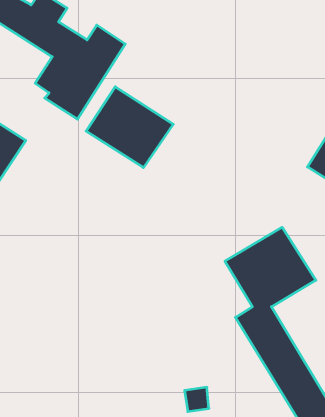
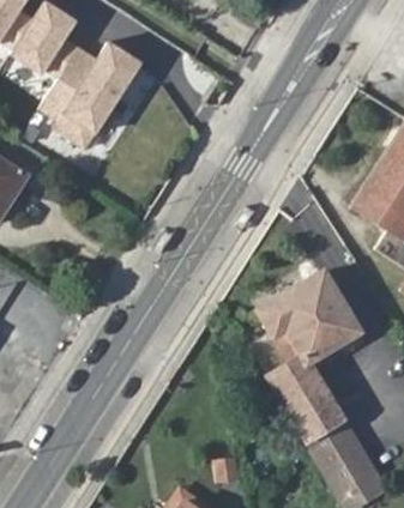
building: [86,87,173,168] -> none

